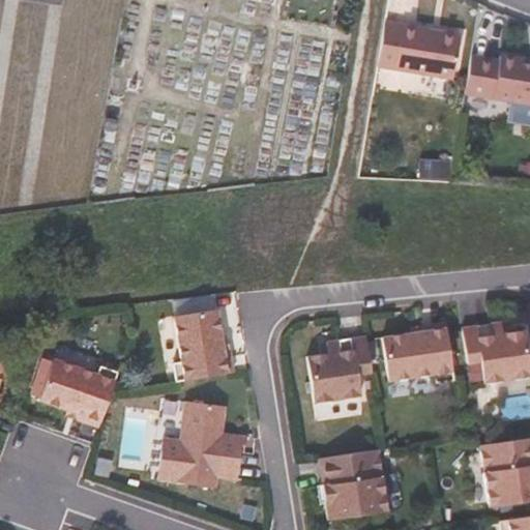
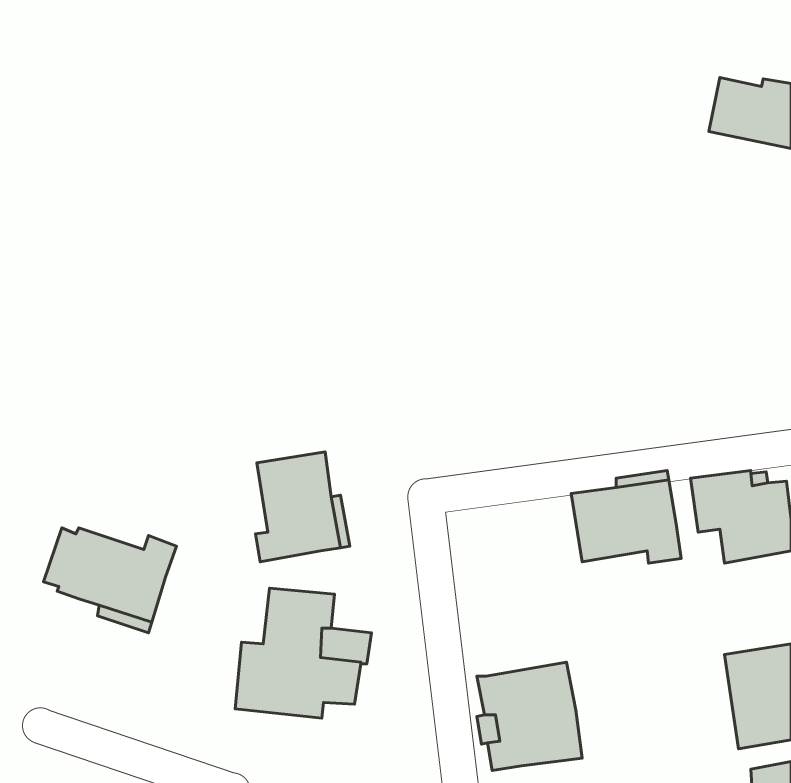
building: [386,27,469,86] -> none
building: [307,335,373,403] -> none

